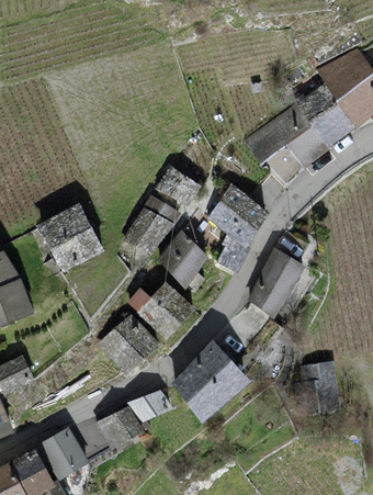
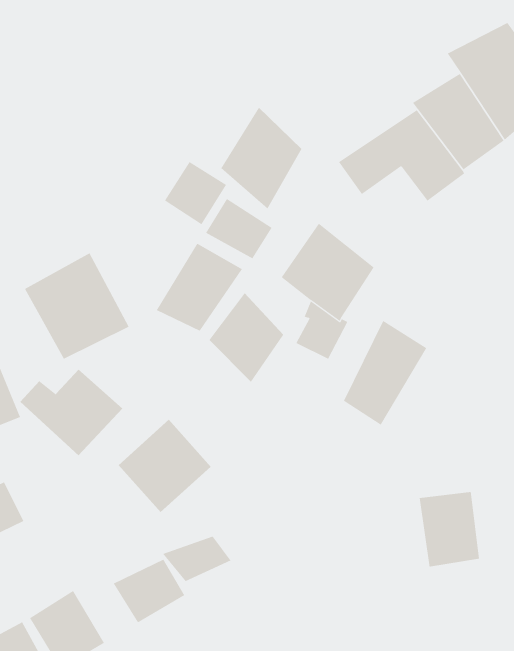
building: none -> [220,107,302,209]
building: none -> [164,161,227,225]
building: [126,281,195,339] -> [19,369,123,456]
building: [171,339,250,423] -> none

